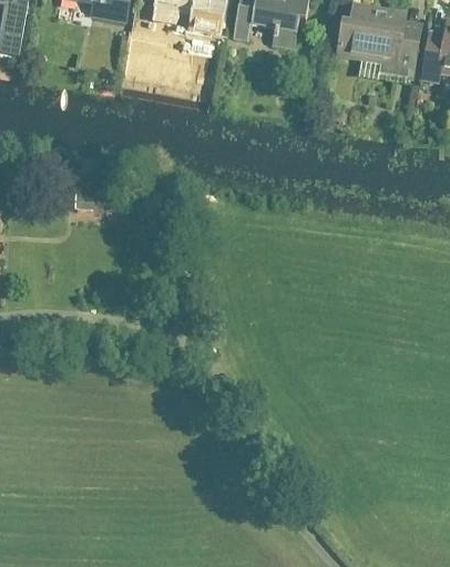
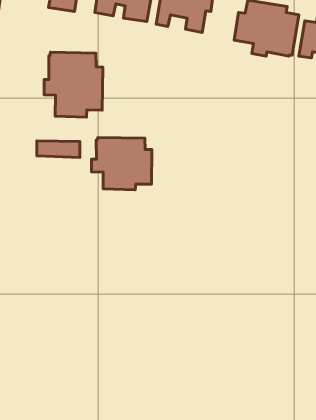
building: none -> [44,52,103,117]
building: none -> [92,137,152,190]

